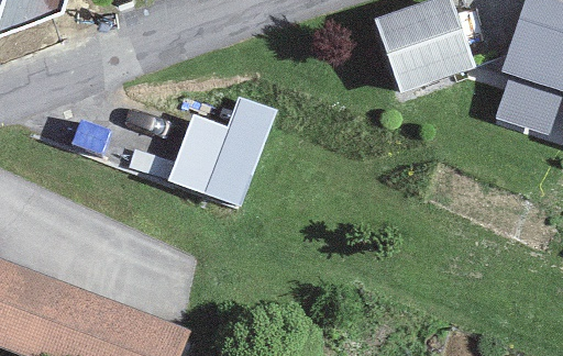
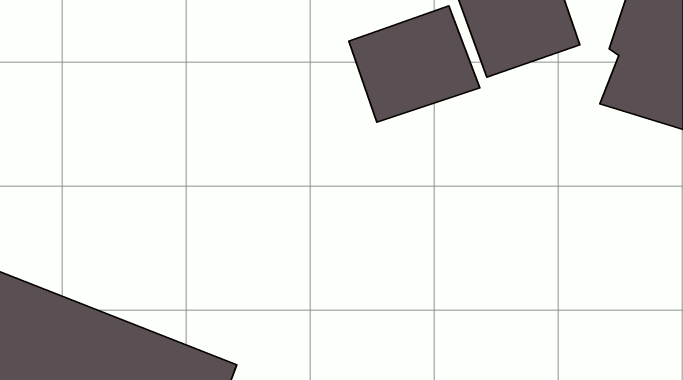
building: none -> [349,6,480,122]
building: [168,98,276,208] -> none

